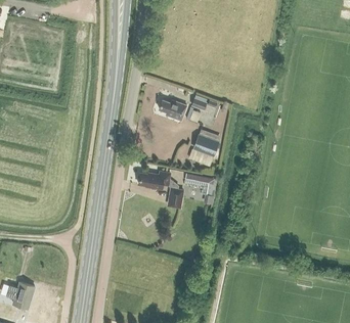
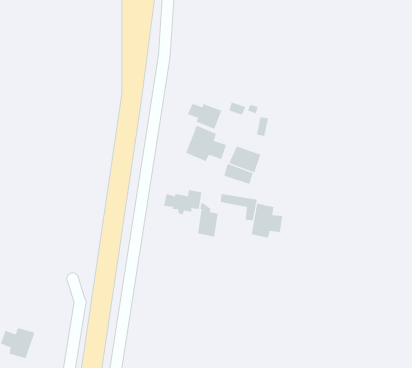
building: none -> [186,125,227,162]
building: none -> [251,203,283,239]

